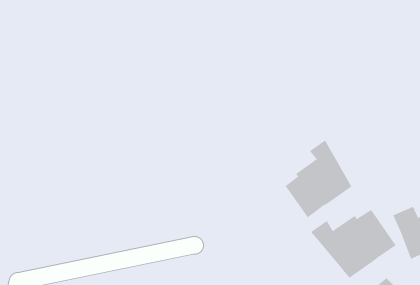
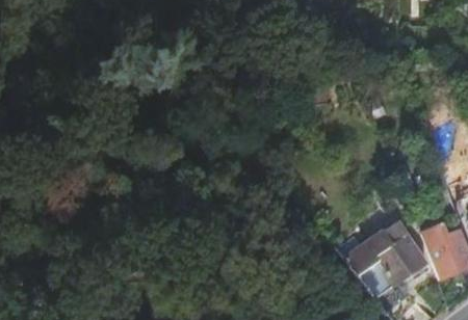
building: [285,139,352,218] -> none

